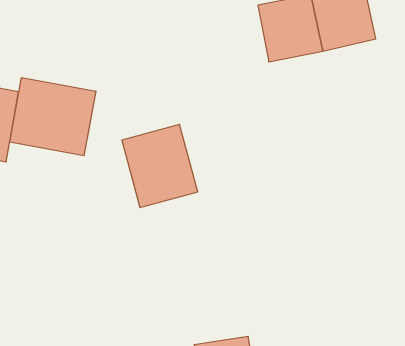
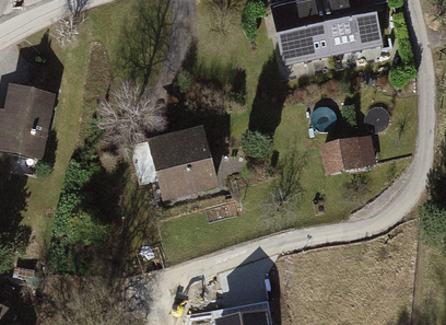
building: [10,78,96,156] -> none
building: none -> [320,134,375,173]

